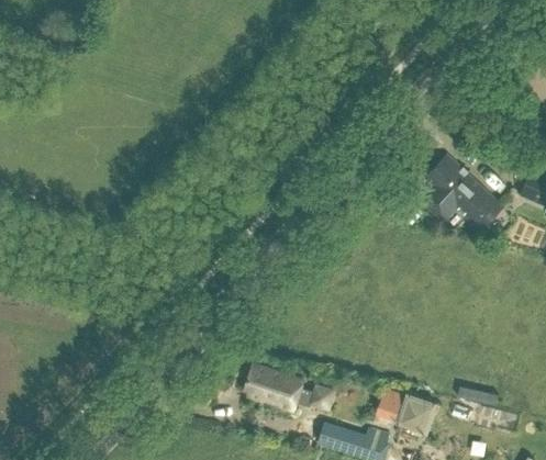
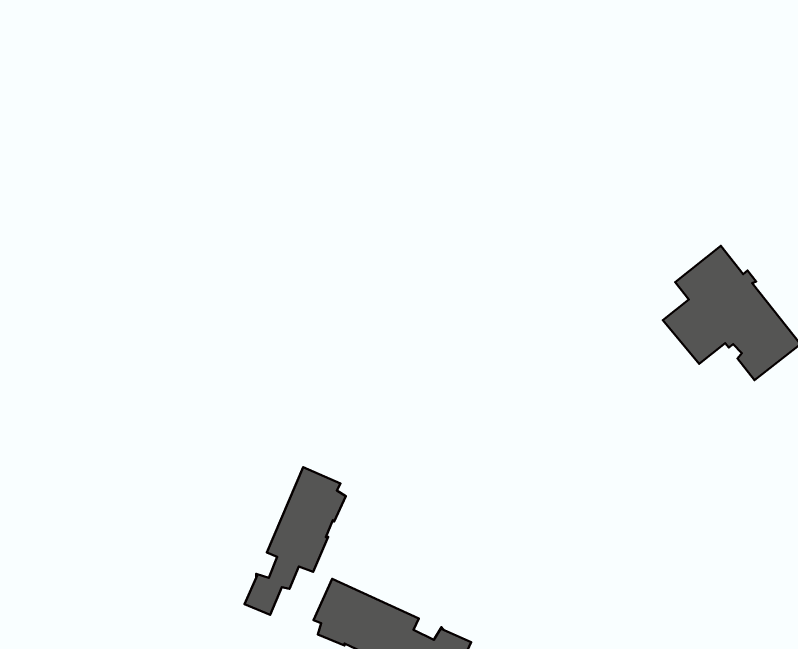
building: none -> [244,467,346,615]

